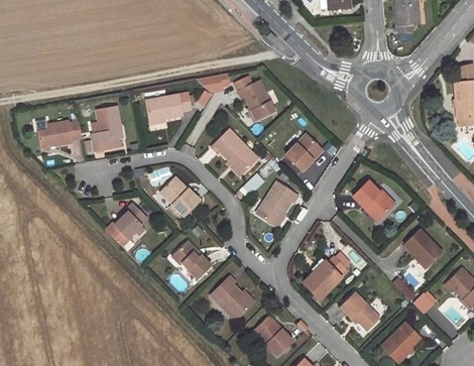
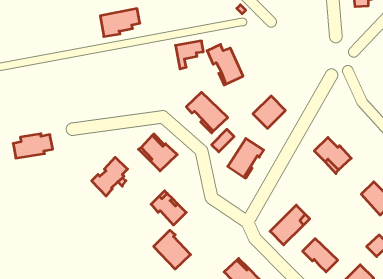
building: [145,92,190,123] -> [100,9,140,37]
building: [91,106,120,150] -> none
building: [37,120,82,147] -> [13,134,53,158]
building: [211,276,252,320] -> [154,230,191,269]

